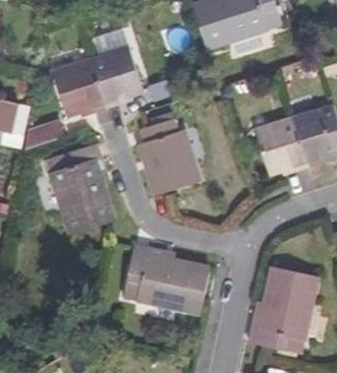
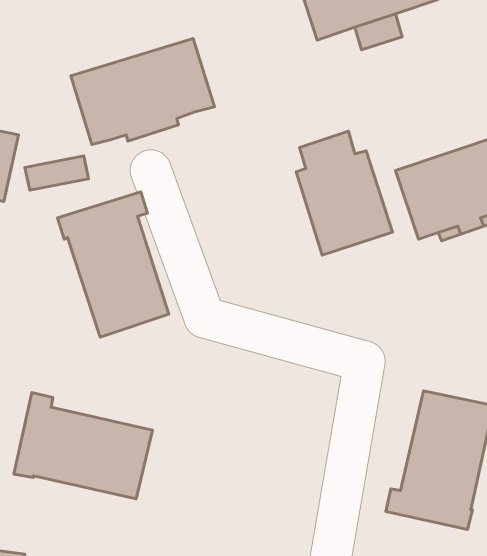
building: [143,117,203,194] -> [296,131,392,255]
building: [126,244,213,310] -> [14,393,153,499]

